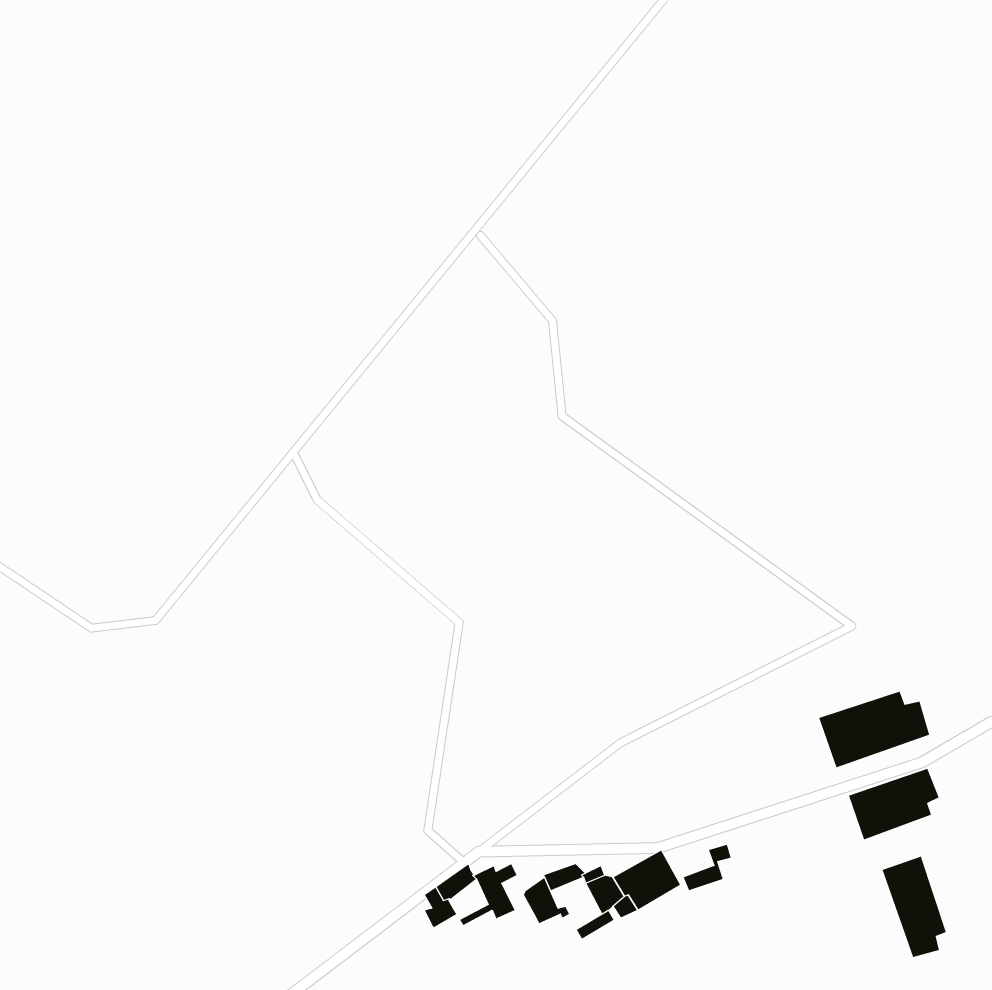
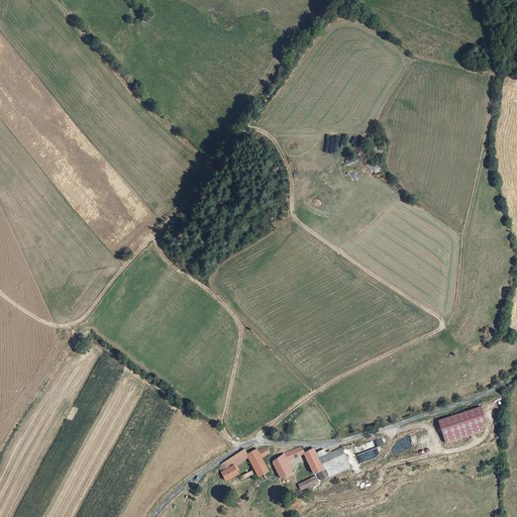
building: [818,691,930,768] -> none
building: [882,856,946,958] -> none

